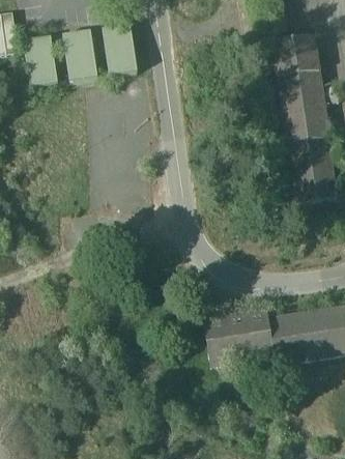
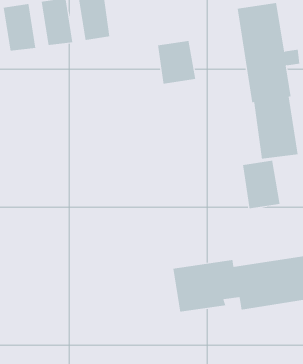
building: none -> [157,40,196,85]
building: none -> [243,160,280,209]

